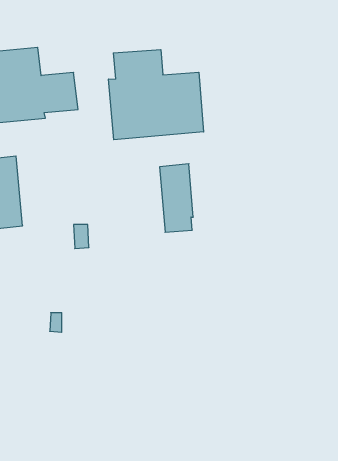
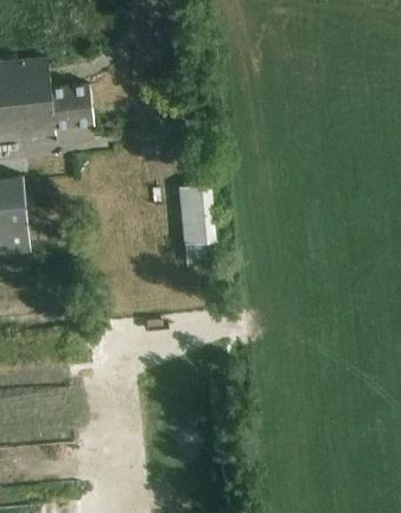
building: [109,50,204,140] -> none

